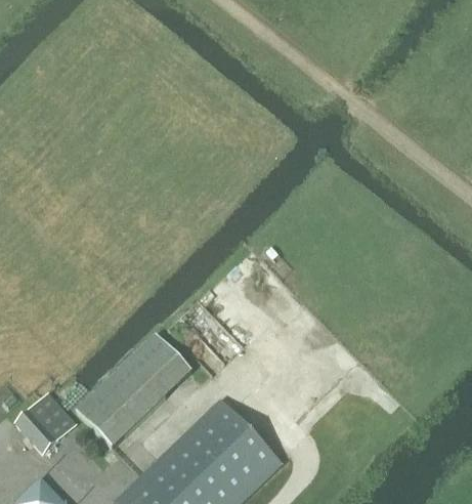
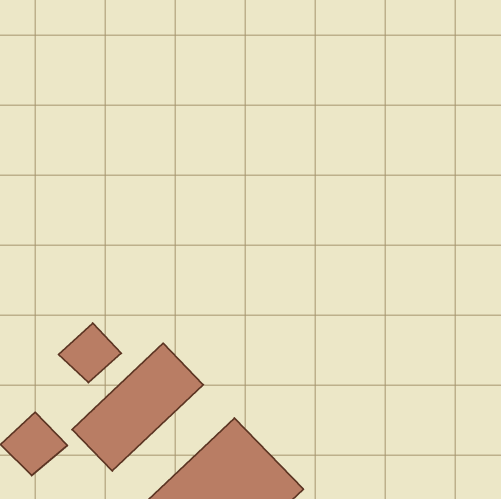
building: none -> [59,323,121,383]

